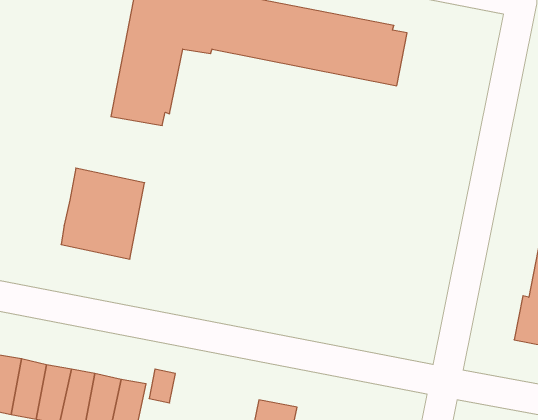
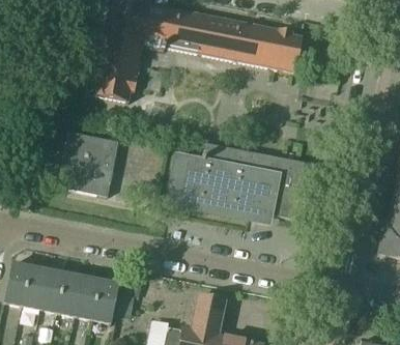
building: none -> [169,143,306,219]

